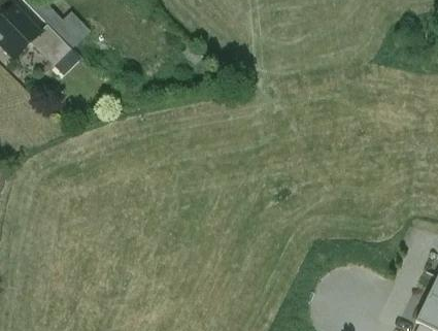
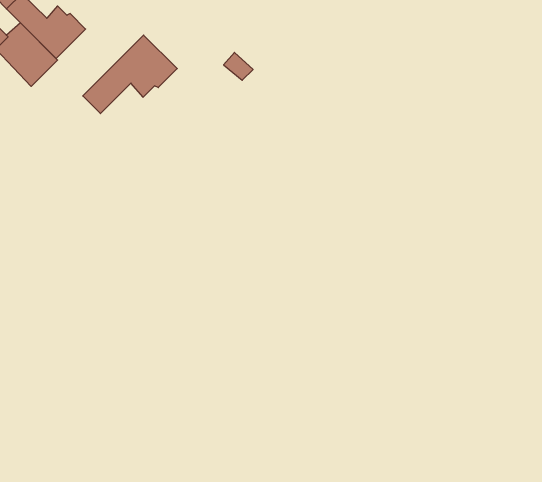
building: none -> [83,35,177,114]

